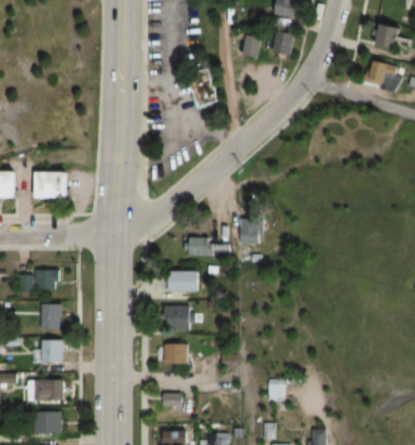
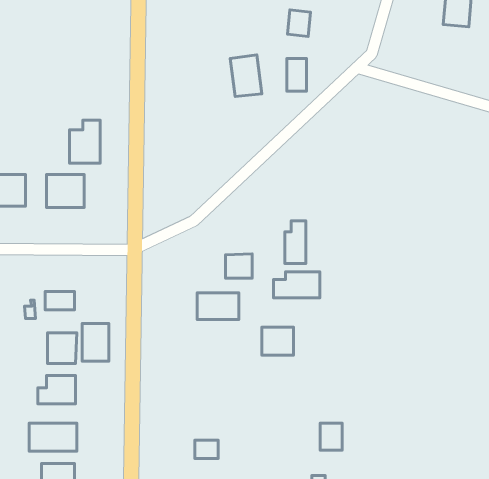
building: [272,31,288,59] -> [287,58,306,91]
building: [368,62,399,93] -> none
building: none -> [69,120,100,163]
building: none -> [273,272,320,298]
building: none -> [82,323,109,361]
building: [163,307,190,330] -> [262,327,293,355]
building: [162,343,185,364] -> none

